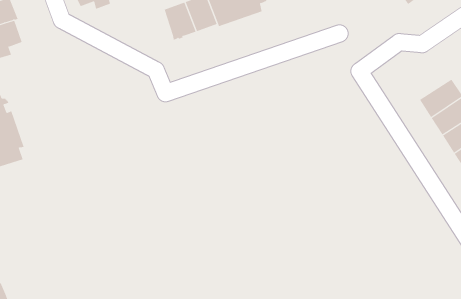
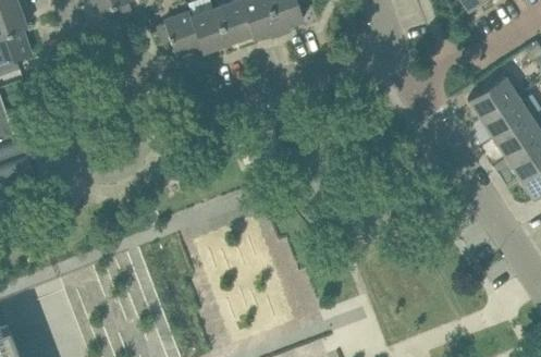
building: none -> [156,13,200,56]
building: none -> [467,76,517,120]

